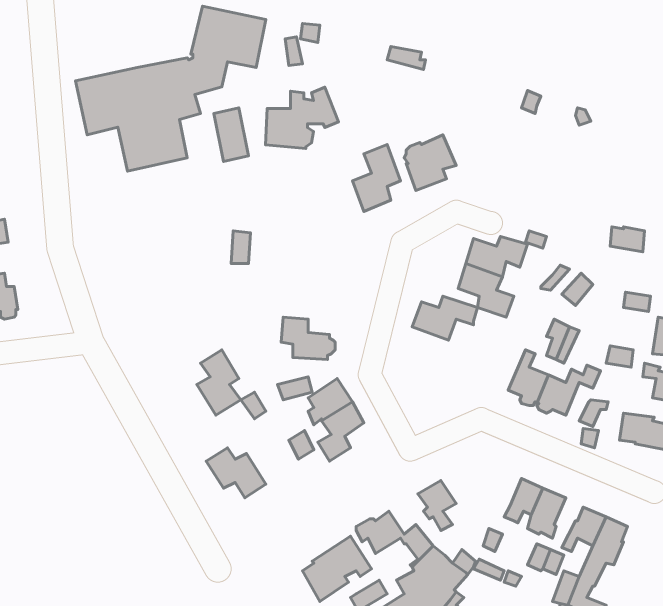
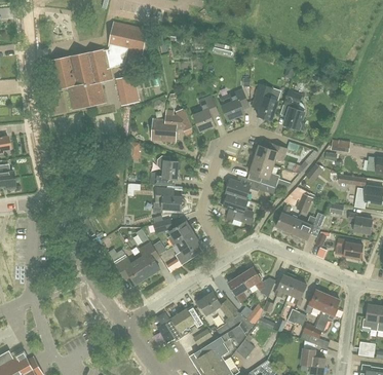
building: [265,87,338,149] -> [152,109,191,142]
building: none -> [251,84,277,121]
building: none -> [283,91,305,129]
building: none -> [153,157,178,187]
building: none -> [221,193,253,223]
building: [197,350,241,415] -> [137,242,160,277]
building: none -> [240,267,275,297]

